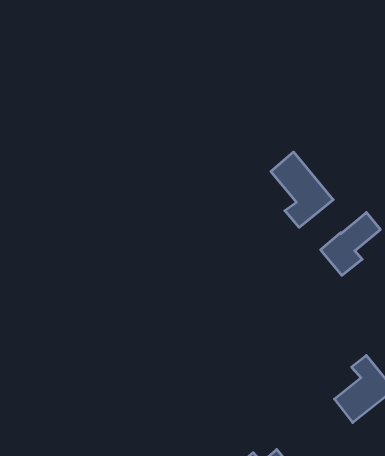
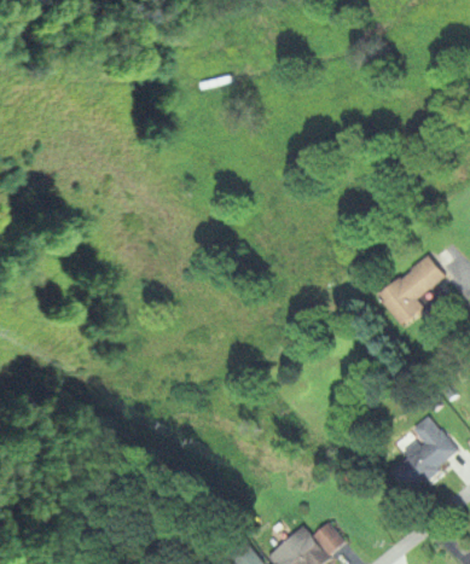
building: [271,152,333,227] -> none

